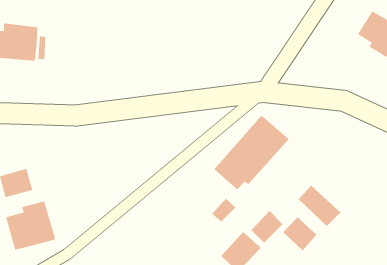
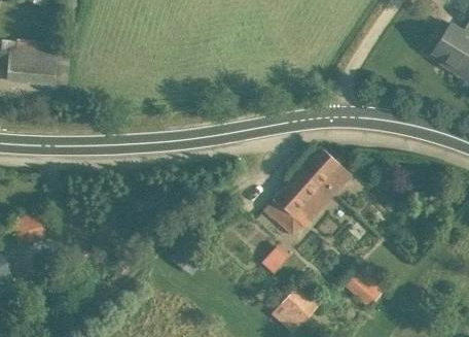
building: [298,185,341,227] -> none
building: [5,200,56,250] -> none
building: [251,210,283,243] -> none

